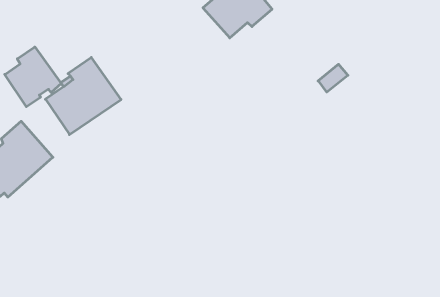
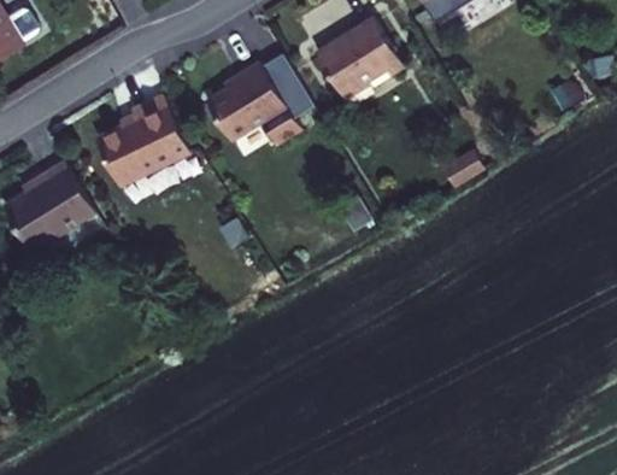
building: none -> [206,54,312,146]
building: [5,47,61,107] -> none

